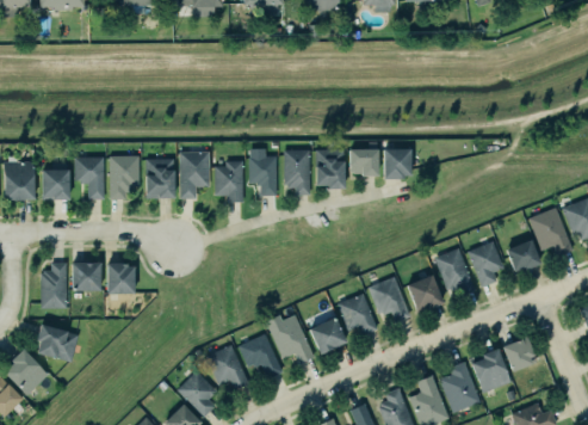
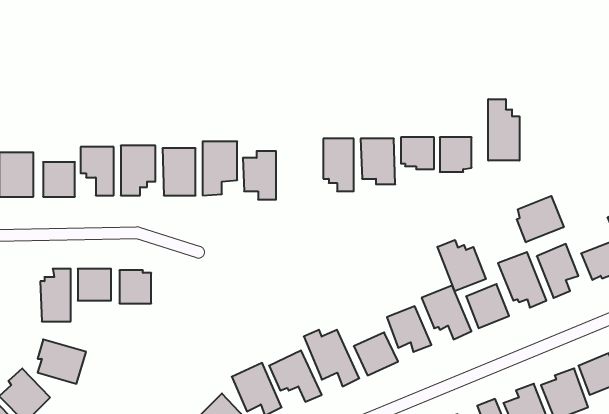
building: none -> [488,99,519,161]
building: [248,158,277,196] -> none
building: none -> [517,196,564,242]
building: none -> [437,240,486,291]

